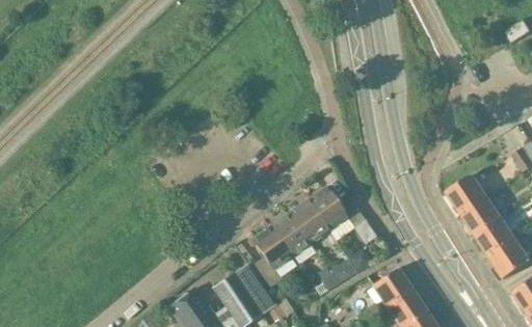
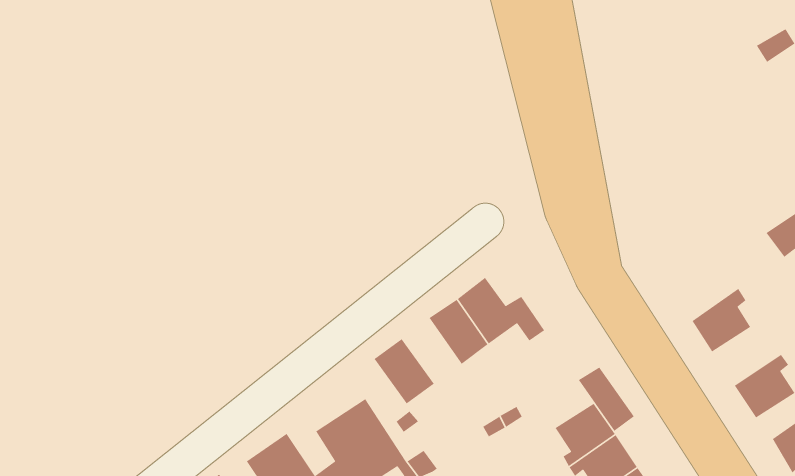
building: [447,174,493,214] -> none
building: [270,212,310,255] -> none
building: [475,218,521,256] -> none
building: none -> [578,366,635,432]

